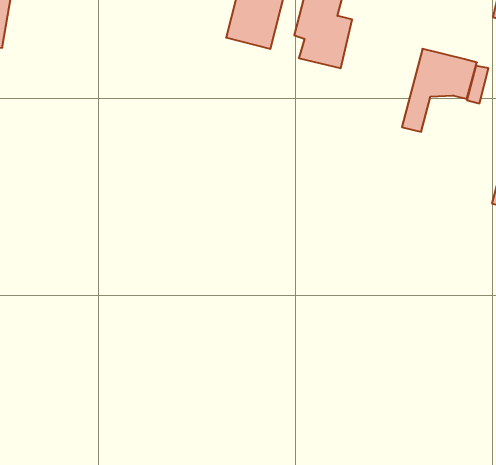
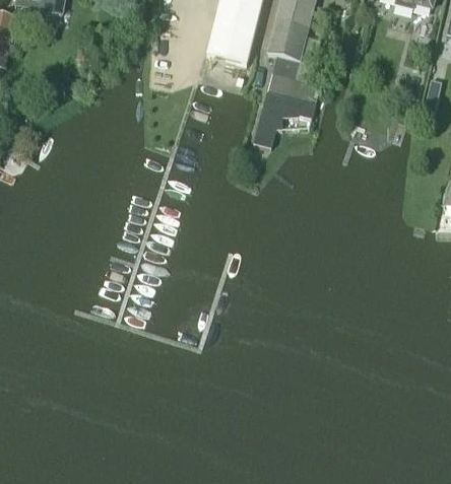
building: [402,49,477,132] -> [253,71,320,145]

